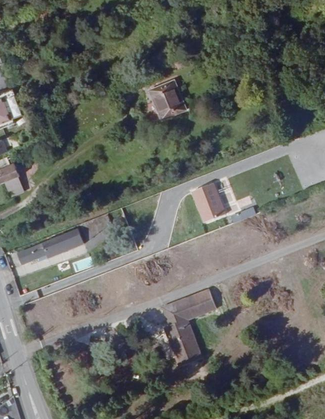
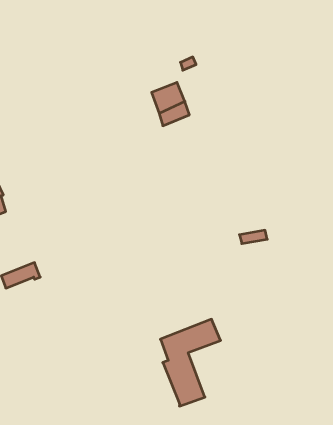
building: [190,182,221,221] -> none
building: [46,226,83,256] -> none

